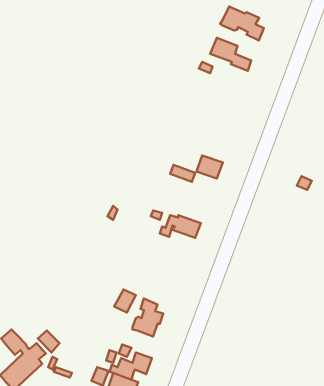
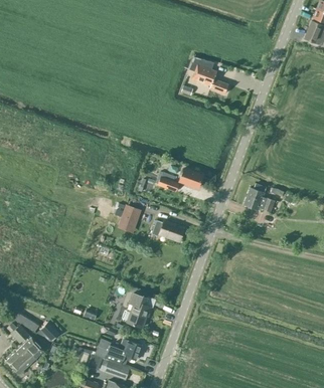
building: [220,7,264,40] -> none
building: none -> [244,184,275,212]
building: none -> [118,205,142,234]

